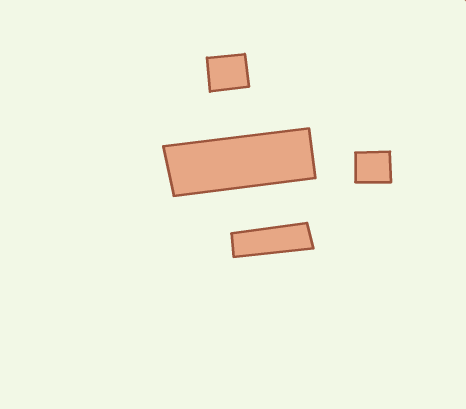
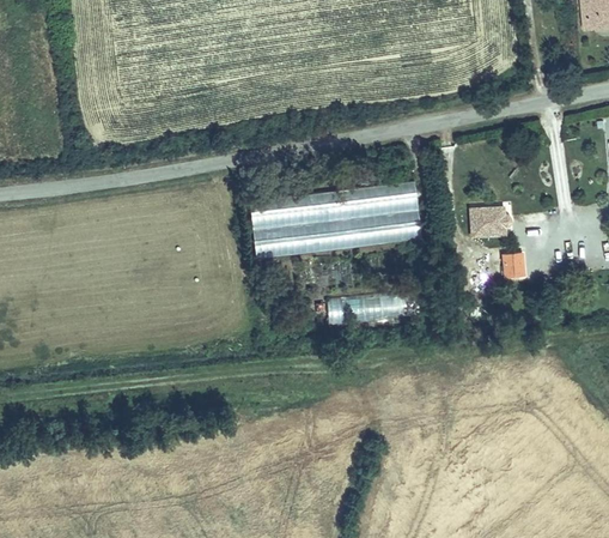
building: [207,54,249,92] -> none
building: none -> [499,256,522,283]

